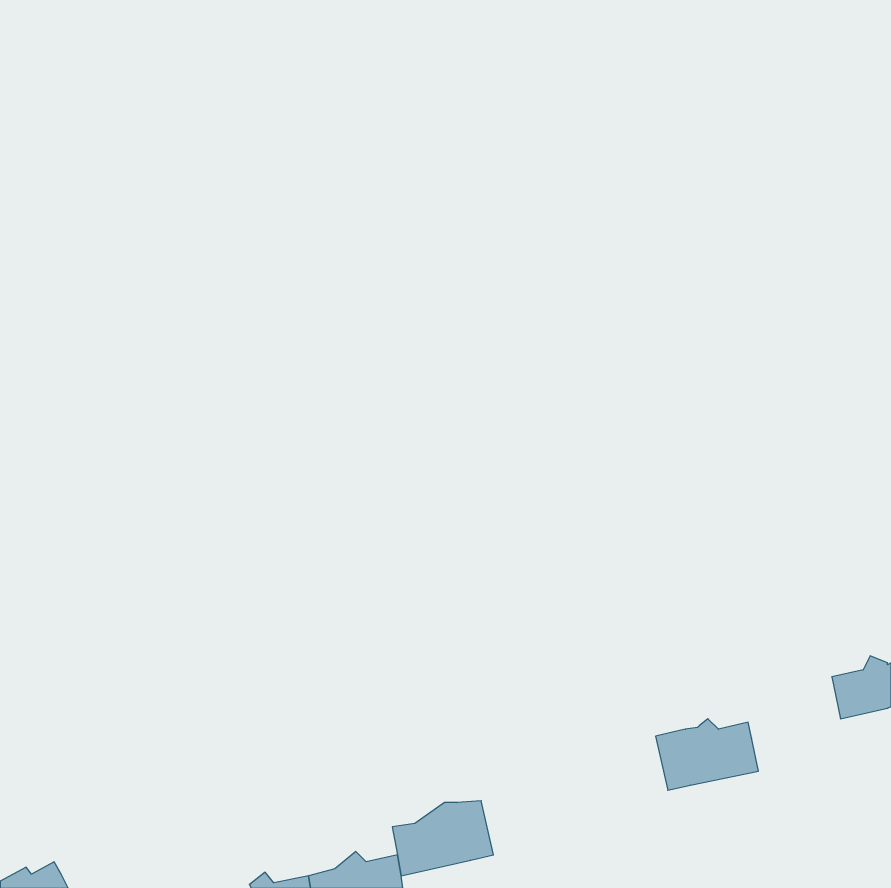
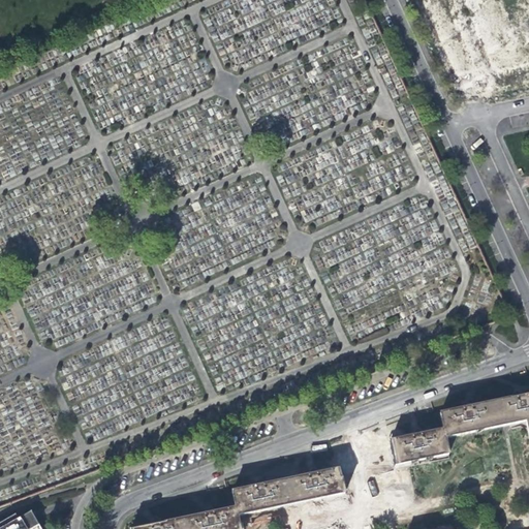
building: none -> [440,400,498,437]
building: none -> [285,464,345,506]

